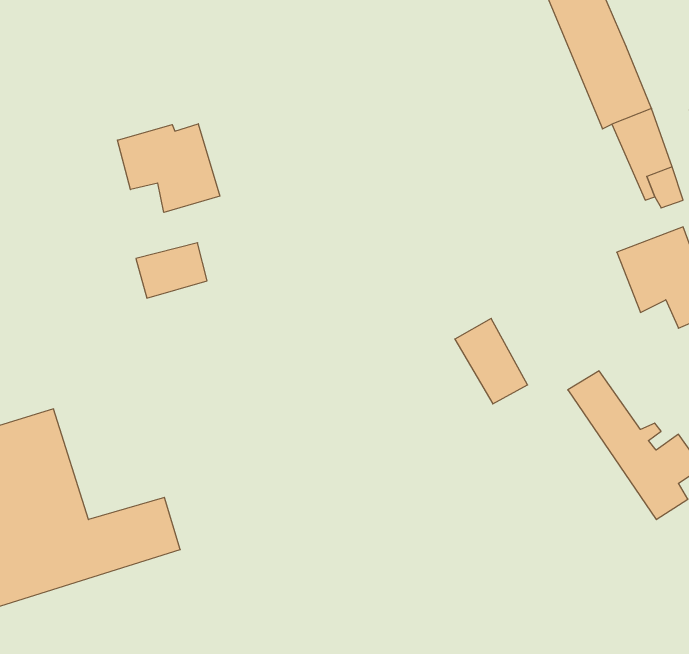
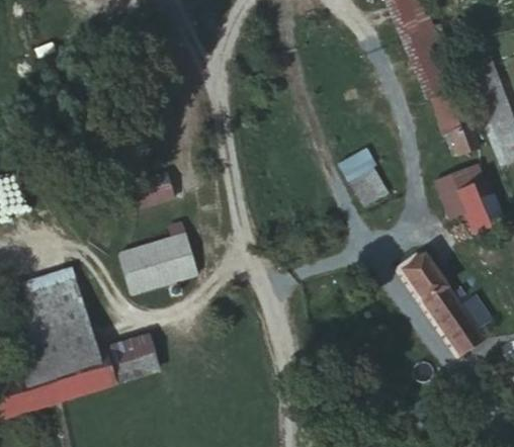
building: [117,124,220,212] -> none
building: [455,318,528,404] -> [341,152,388,206]
building: none -> [120,222,198,293]

